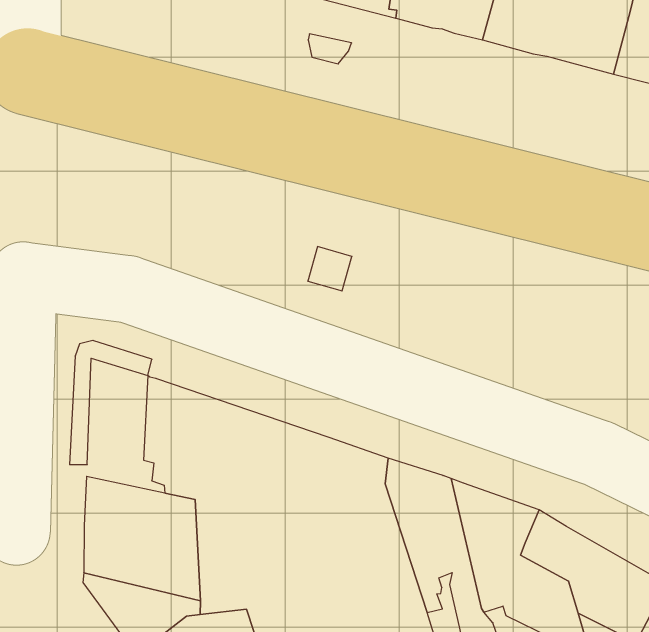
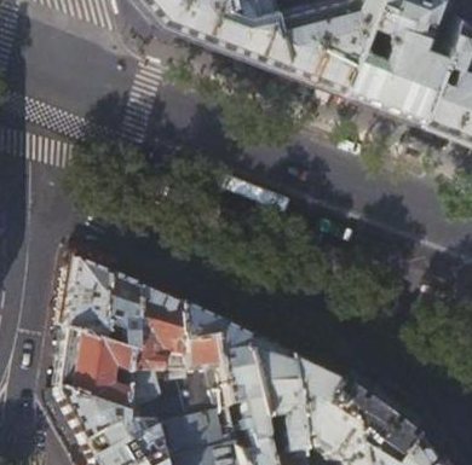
building: none -> [69,257,116,345]

